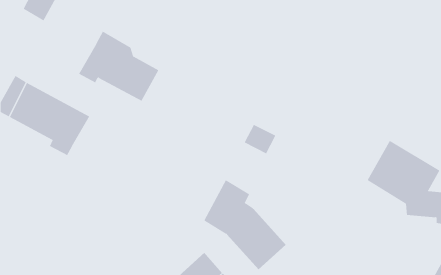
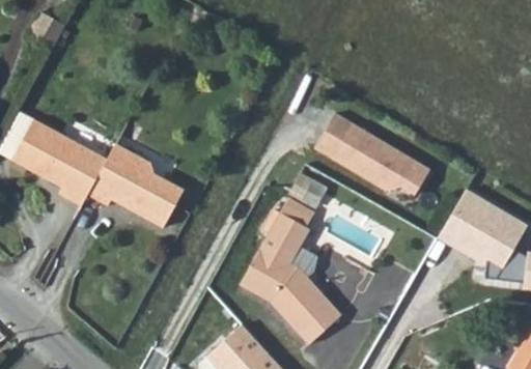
building: [78,31,159,102] -> [87,145,184,229]
building: none -> [325,113,429,194]
building: none -> [269,199,315,253]

